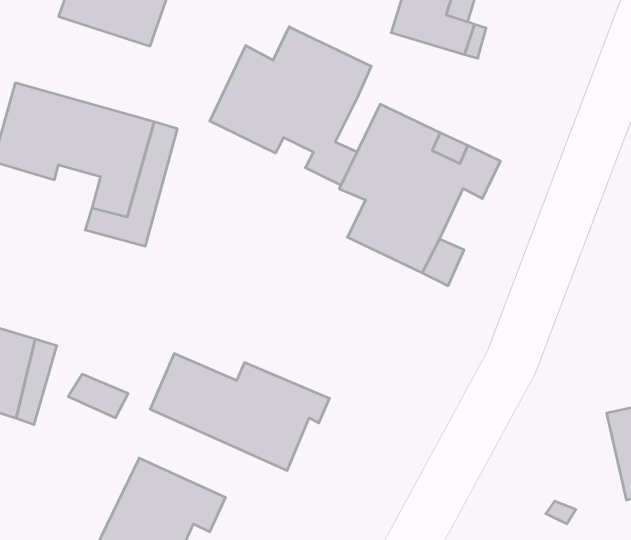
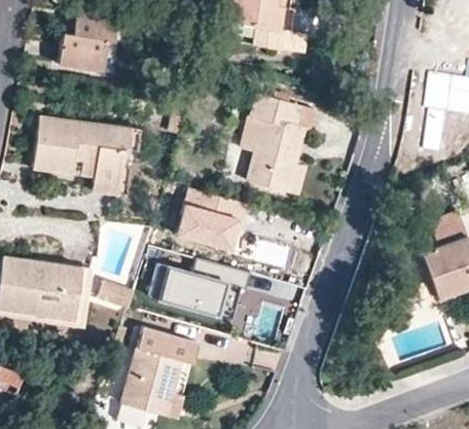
building: [210,27,371,185] -> none
building: none -> [176,190,244,251]

